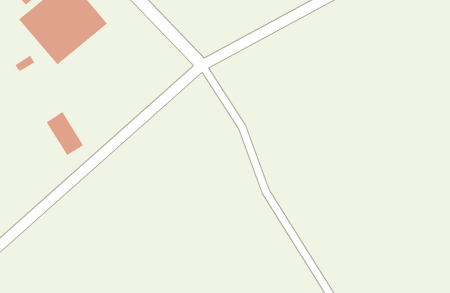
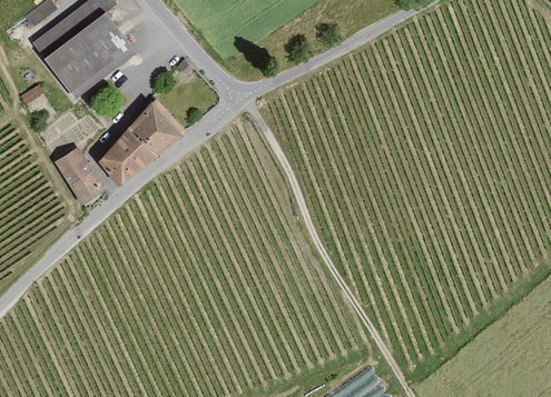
building: none -> [101,102,184,185]

